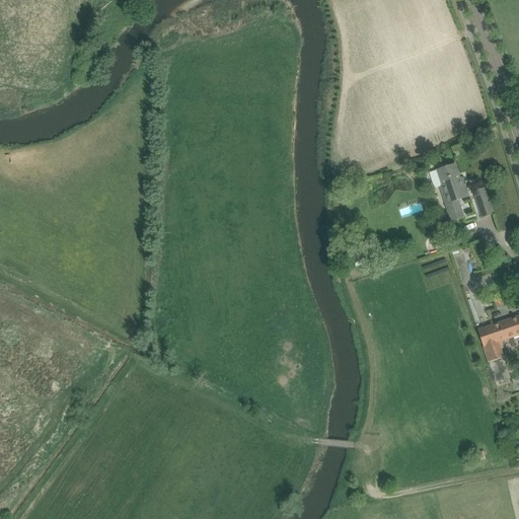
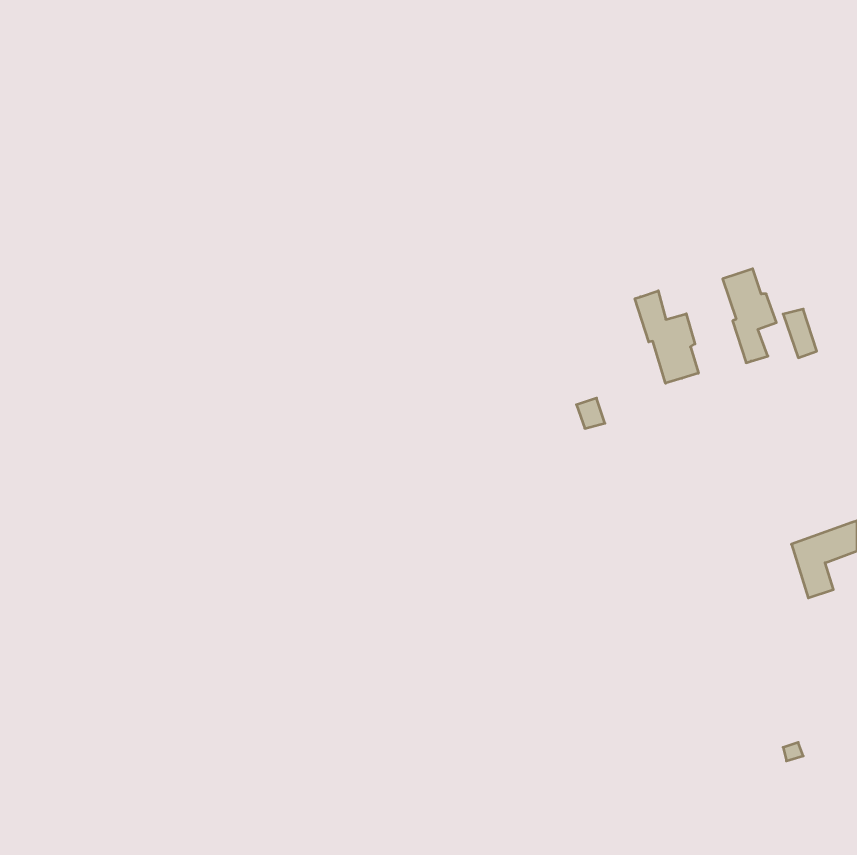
building: none -> [635,291,698,383]

